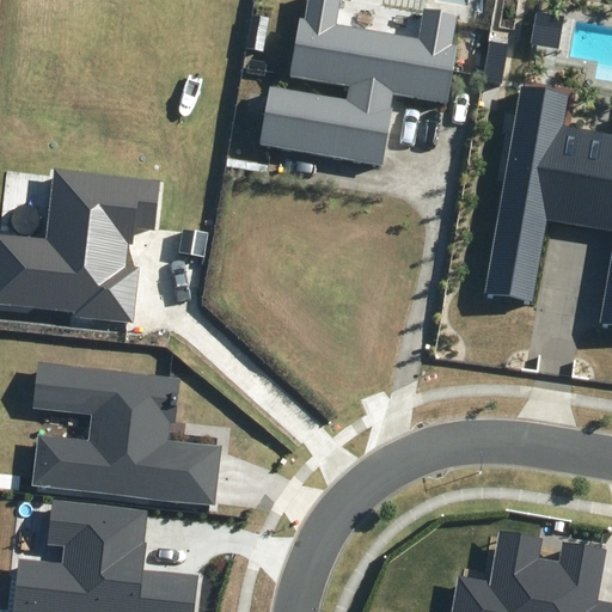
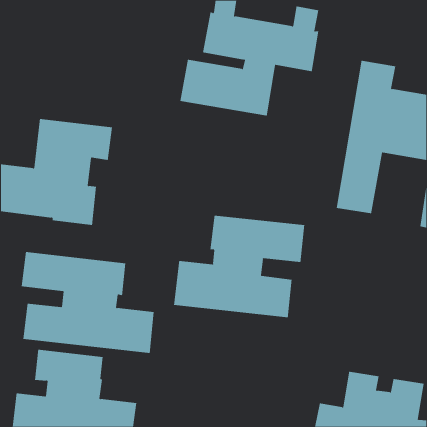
building: none -> [173,215,305,318]

